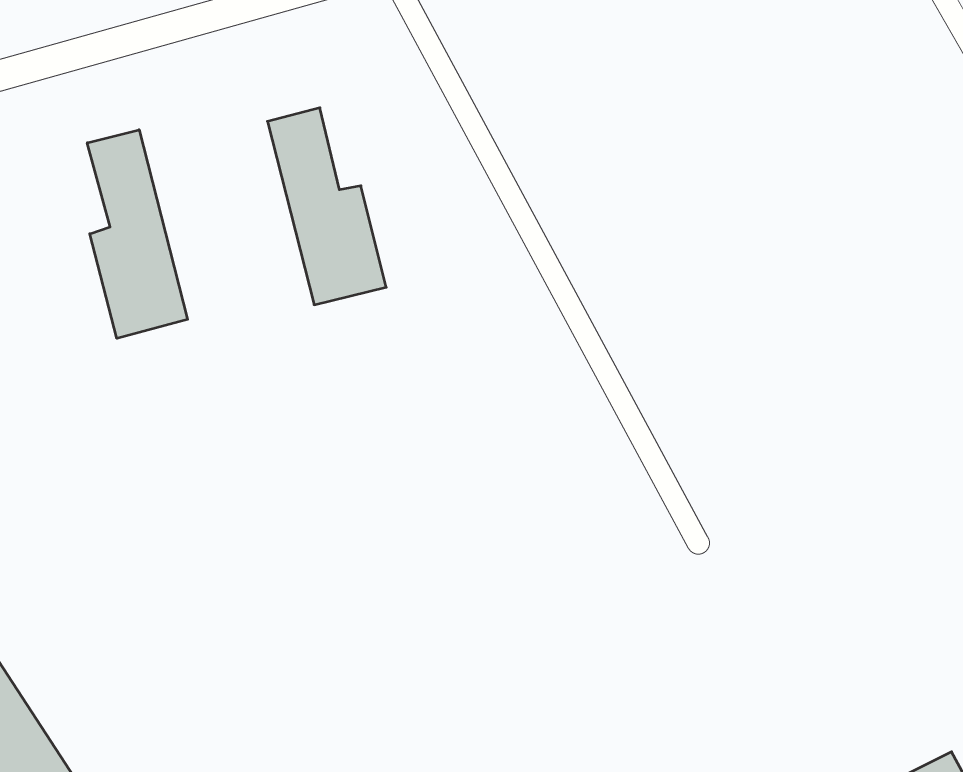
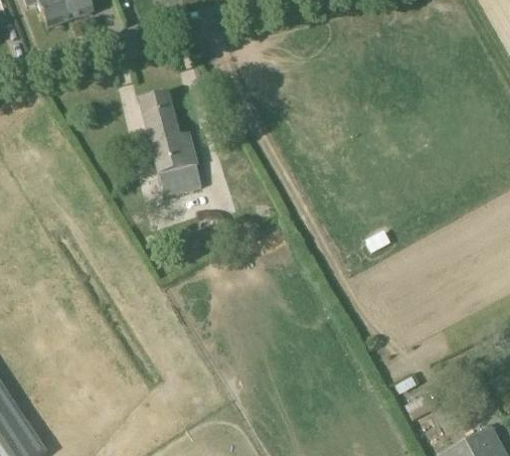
building: [87,130,188,338] -> none

